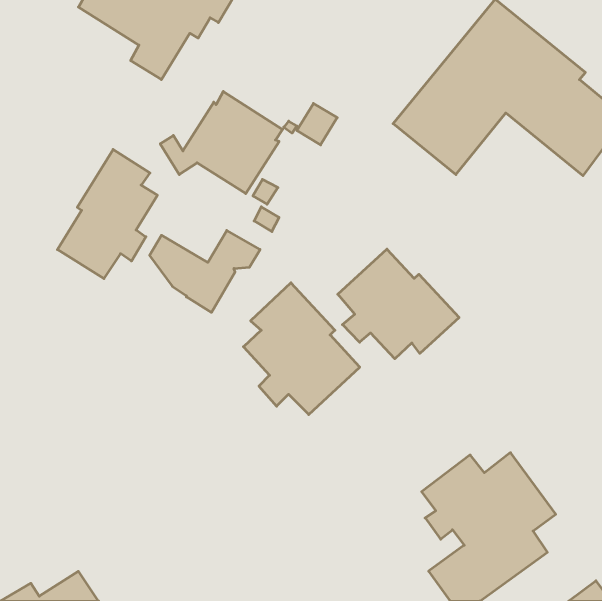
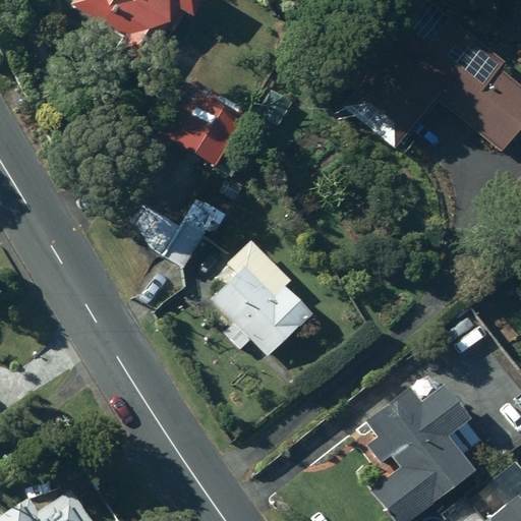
building: [57,149,157,279] -> none
building: [338,249,459,359] -> none

